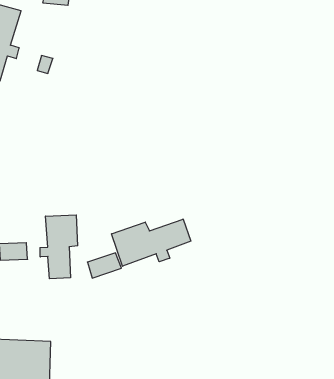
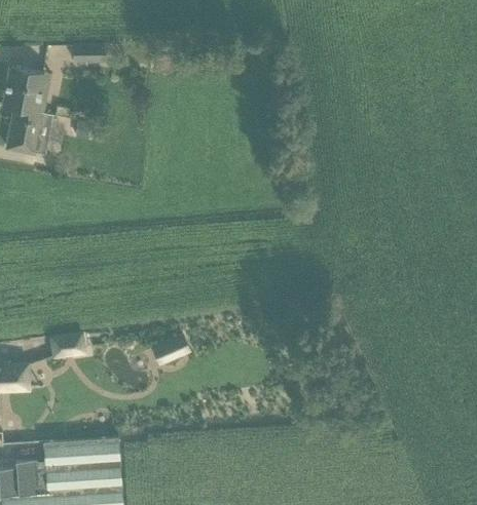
building: [40,215,78,279] -> none
building: [112,219,191,266] -> none

